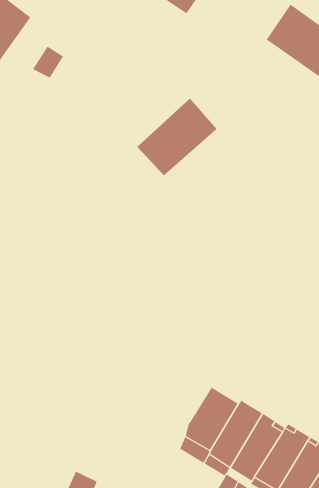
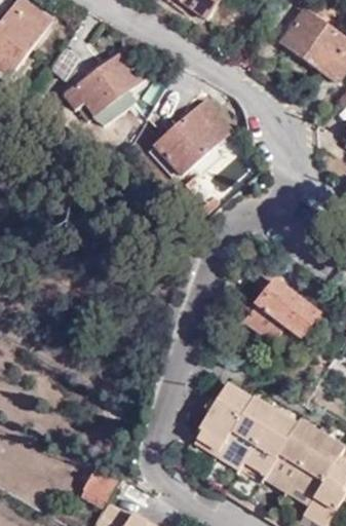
building: none -> [63,46,147,124]
building: none -> [245,279,316,341]

